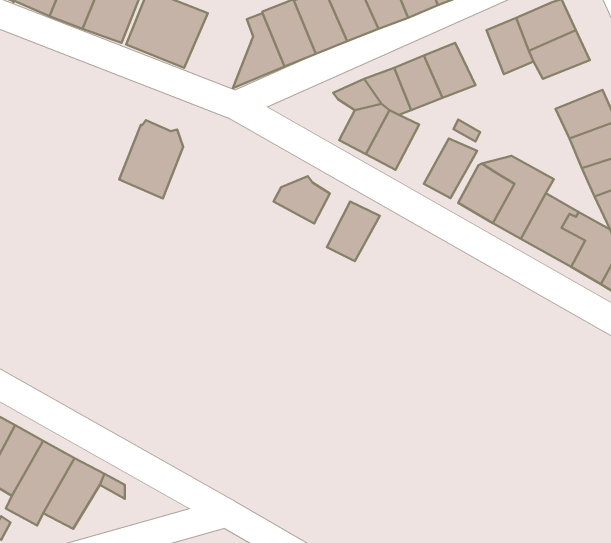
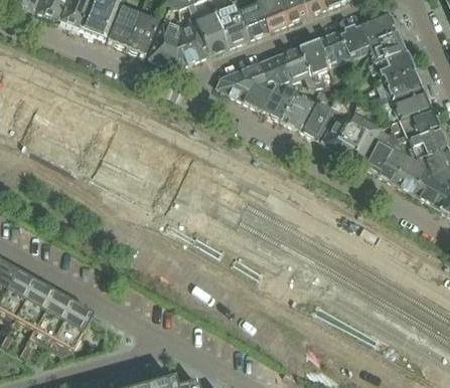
building: none -> [319,29,350,64]
building: none -> [376,48,414,79]
building: [119,120,183,198] -> [148,16,189,66]
building: [273,176,330,223] -> [218,69,255,100]
building: [327,202,380,261] -> [281,89,315,128]

